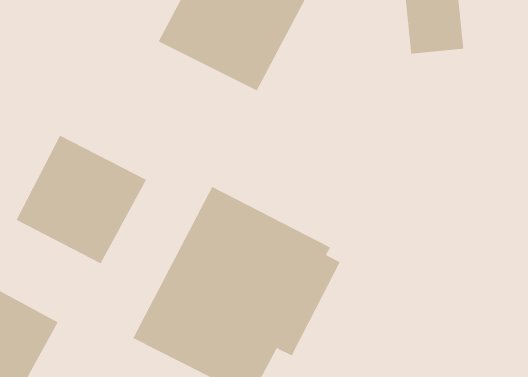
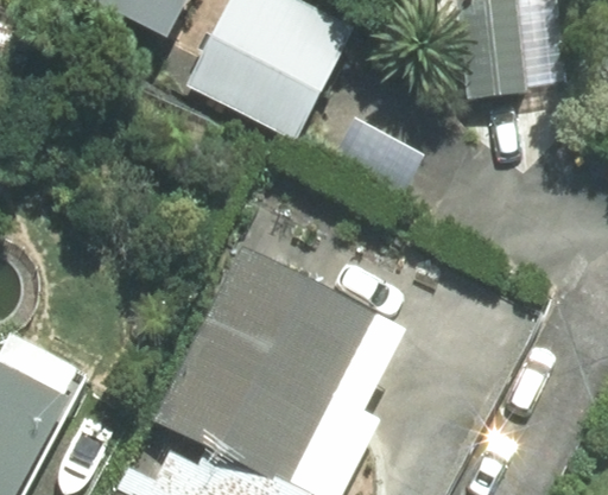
building: [16,135,147,264] -> none

